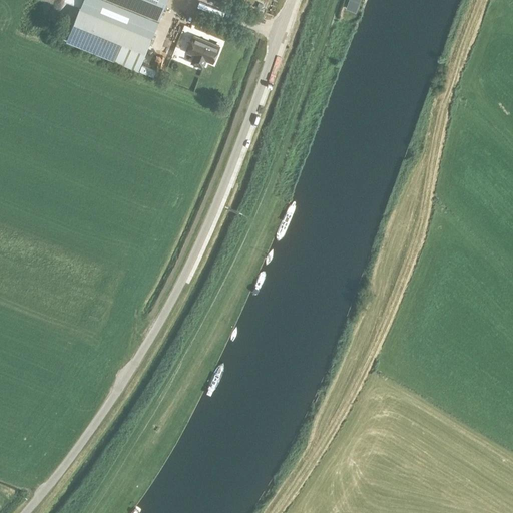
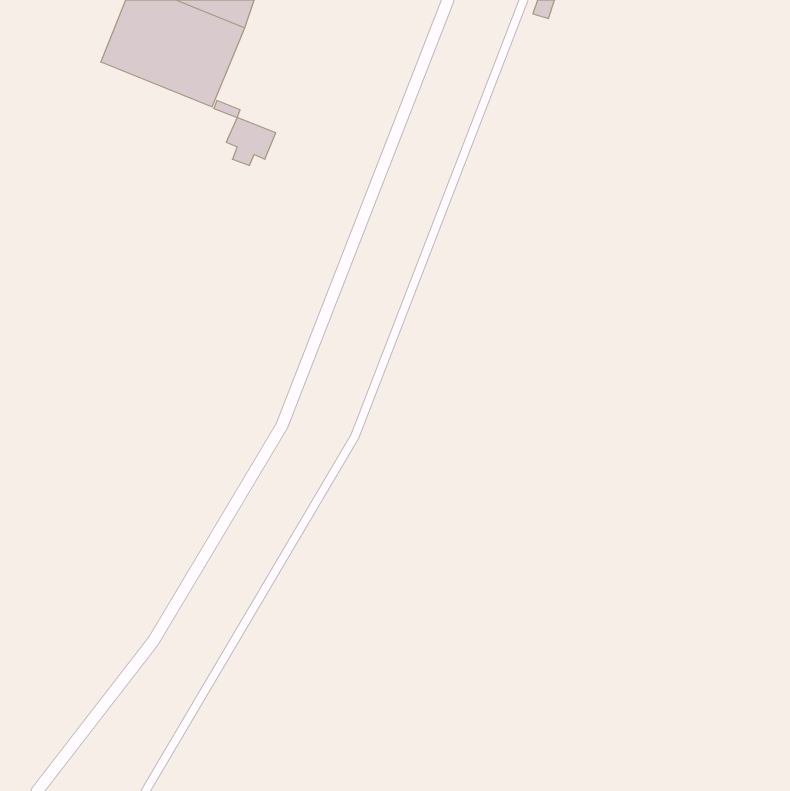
building: [186,36,218,67] -> [226,117,276,165]

